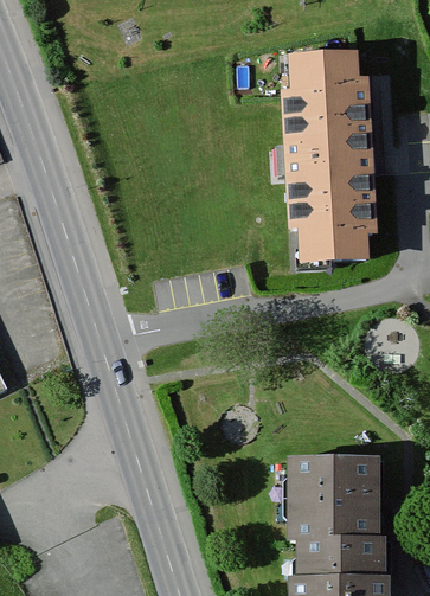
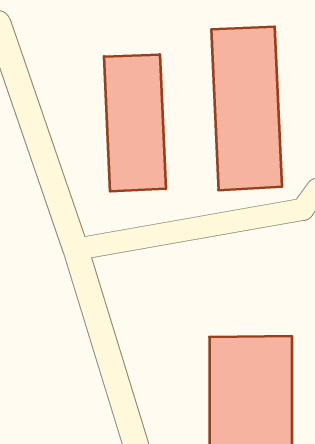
building: none -> [104,54,166,191]

